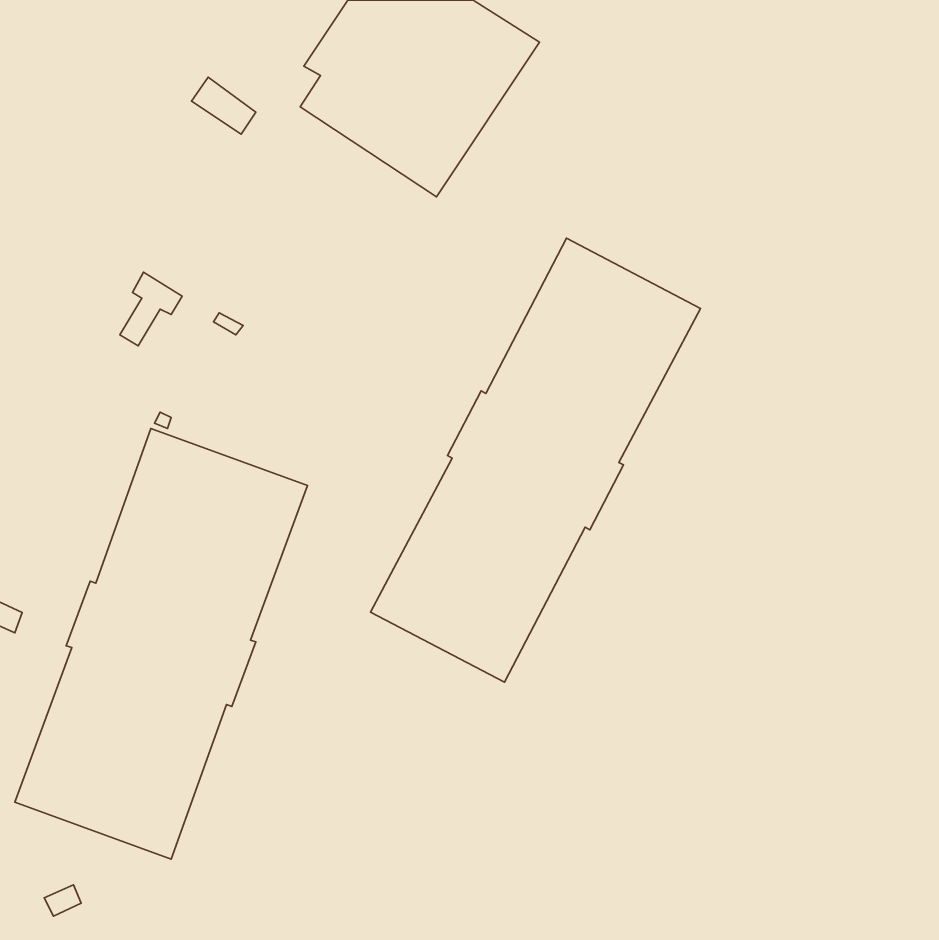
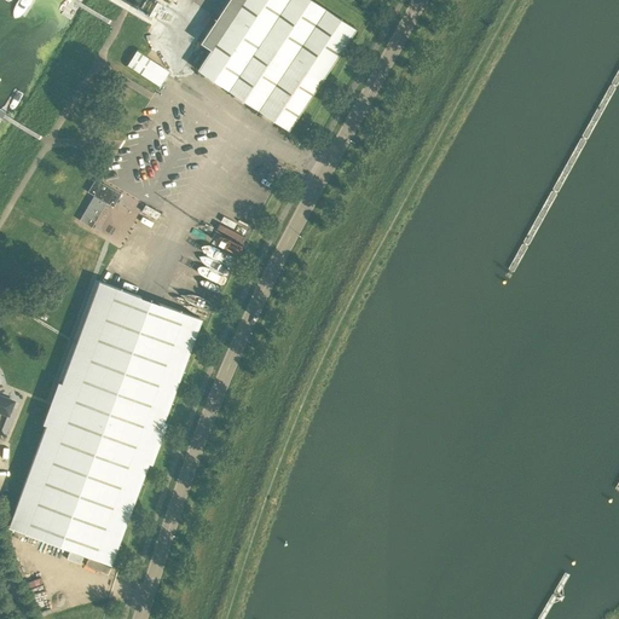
building: [370,238,701,682] -> none
building: none -> [210,224,244,254]

